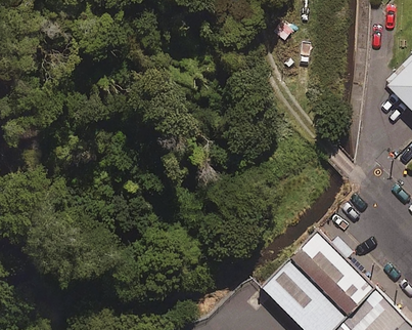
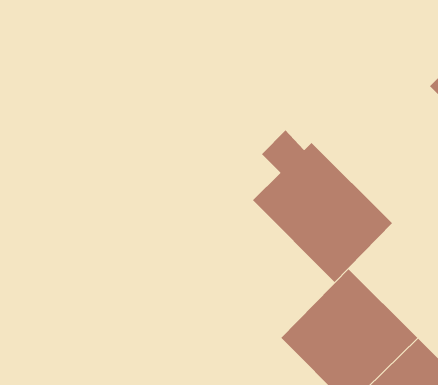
building: none -> [252,130,393,283]

